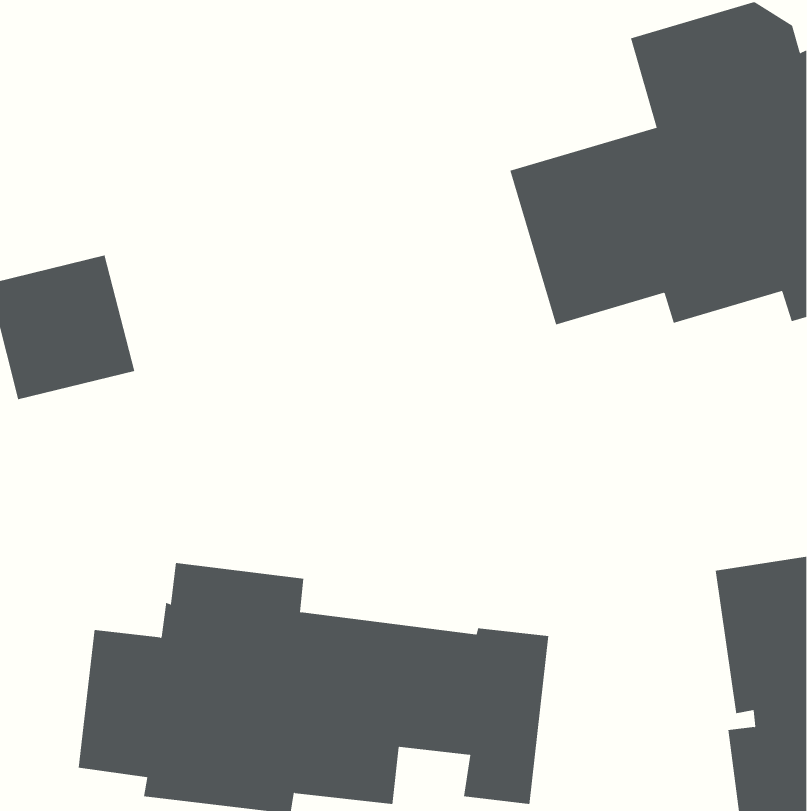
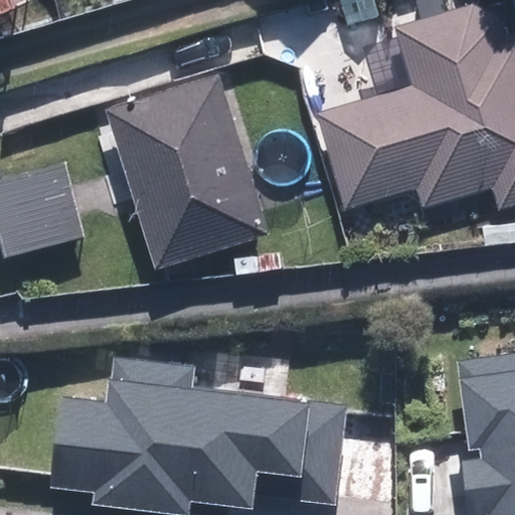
building: none -> [114,72,272,265]

